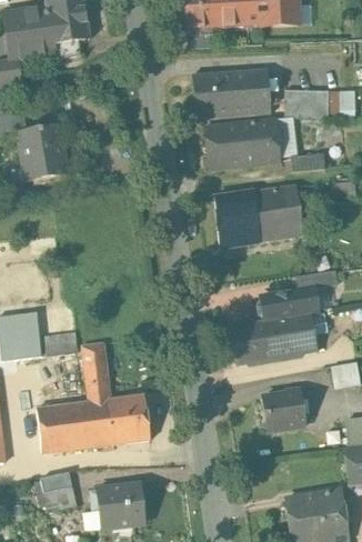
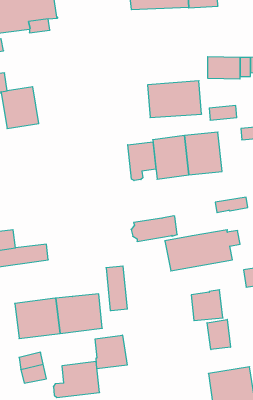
building: [191,66,275,118] -> none
building: none -> [128,142,156,181]
building: [258,287,318,320] -> [131,216,177,241]
building: [82,343,110,401] -> [106,266,127,311]
building: none -> [207,319,230,350]
building: none -> [95,335,127,369]

